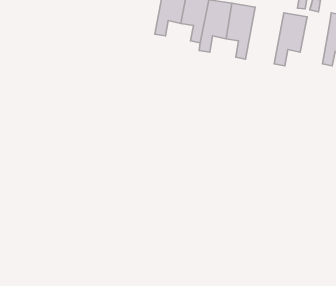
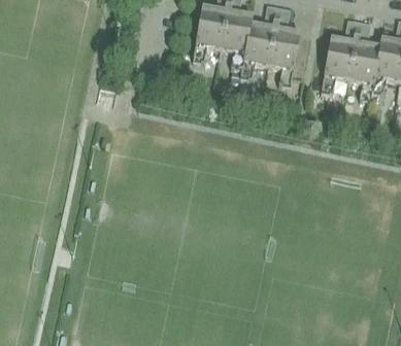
building: none -> [348,41,380,101]

